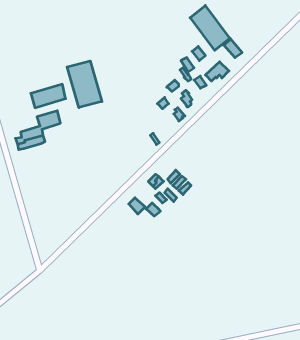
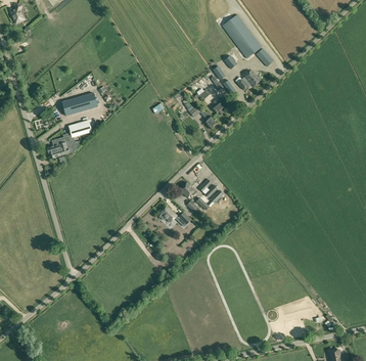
building: [67,61,102,108] -> none

